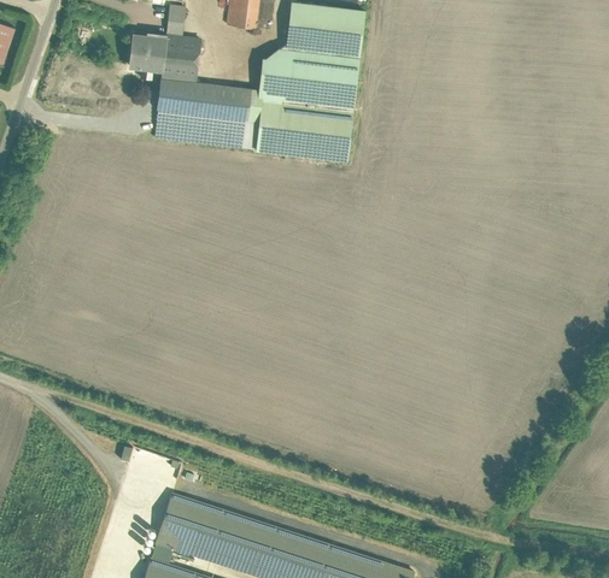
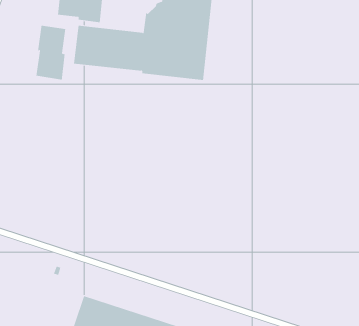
building: none -> [36,25,66,80]

